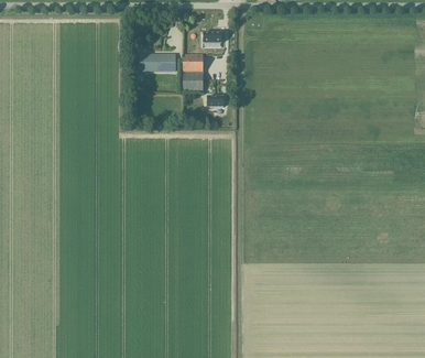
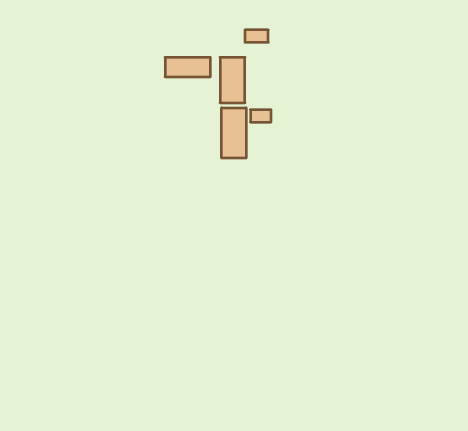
building: none -> [222,108,246,158]

